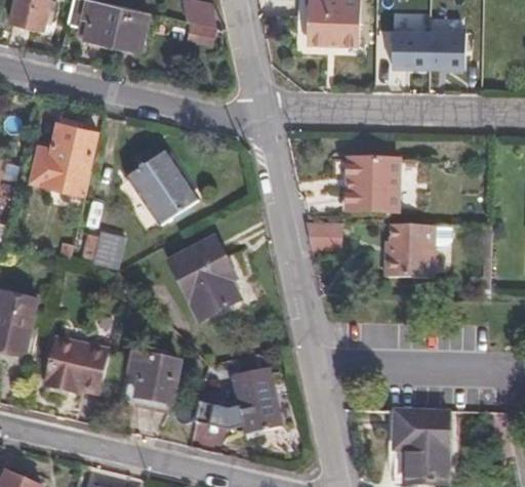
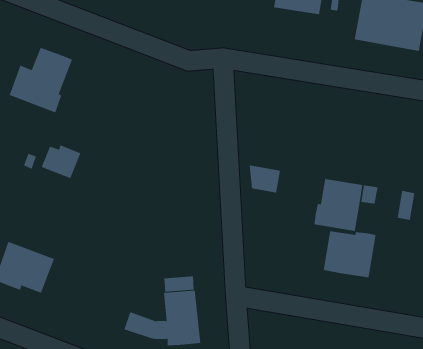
building: [126,150,193,221] -> none
building: [346,159,398,210] -> none
building: [168,238,239,322] -> none
building: none -> [323,230,376,278]
building: [119,347,175,406] -> none

